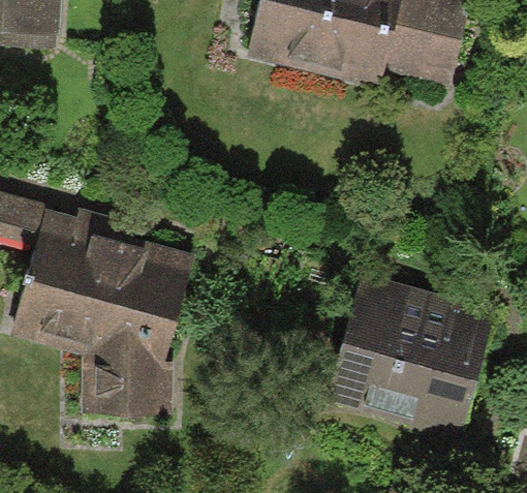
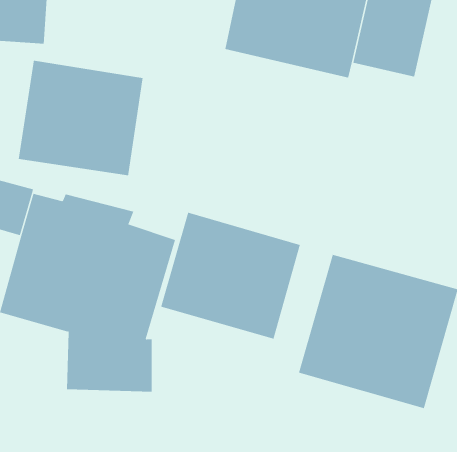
building: none -> [18,60,143,176]
building: none -> [161,212,301,340]

